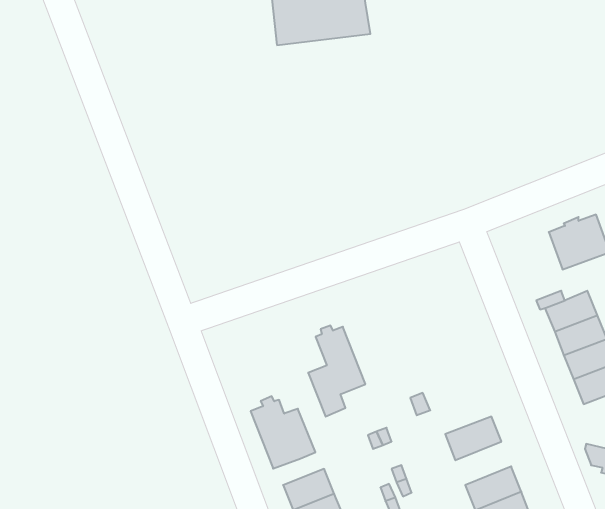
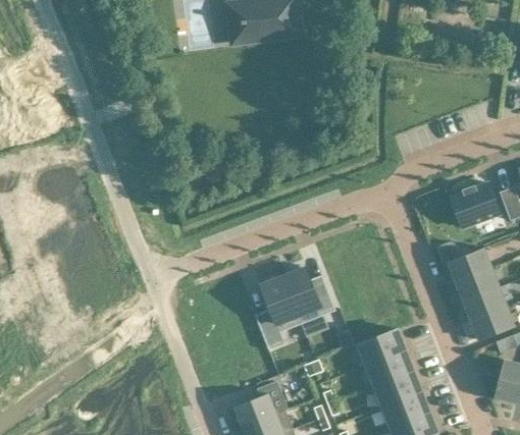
building: none -> [359,329,405,365]
building: [251,396,315,469] -> [283,265,336,324]
building: none -> [375,371,421,406]

